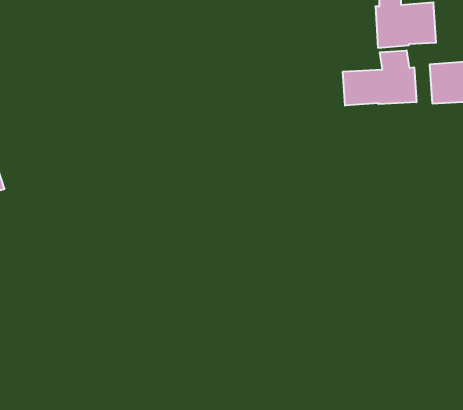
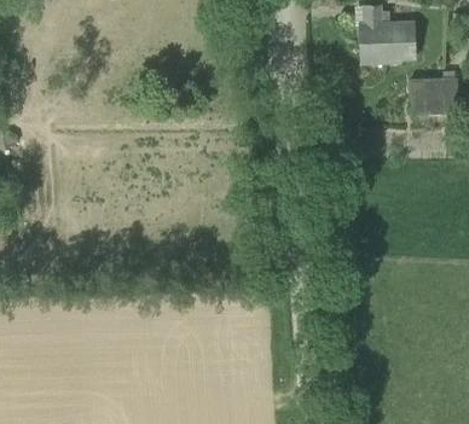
building: [343,50,416,106] -> none

